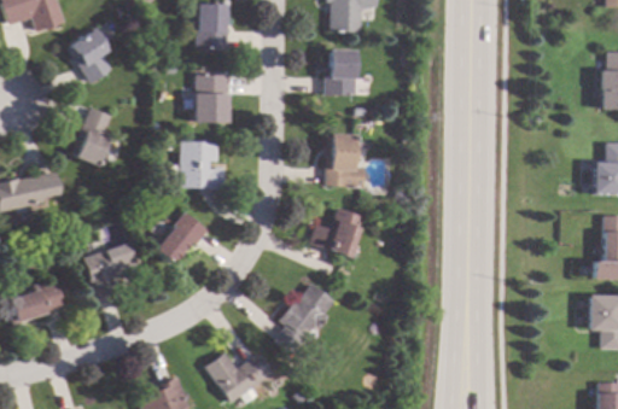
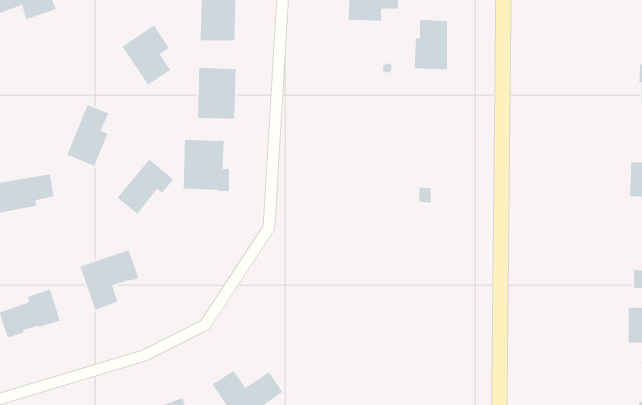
building: [65,27,111,83] -> [122,24,171,86]
building: [325,49,356,97] -> [414,19,448,70]
building: [325,134,363,186] -> none
building: [308,208,362,258] -> none
building: [154,212,208,264] -> [116,158,174,215]
building: [274,284,333,355] -> none

